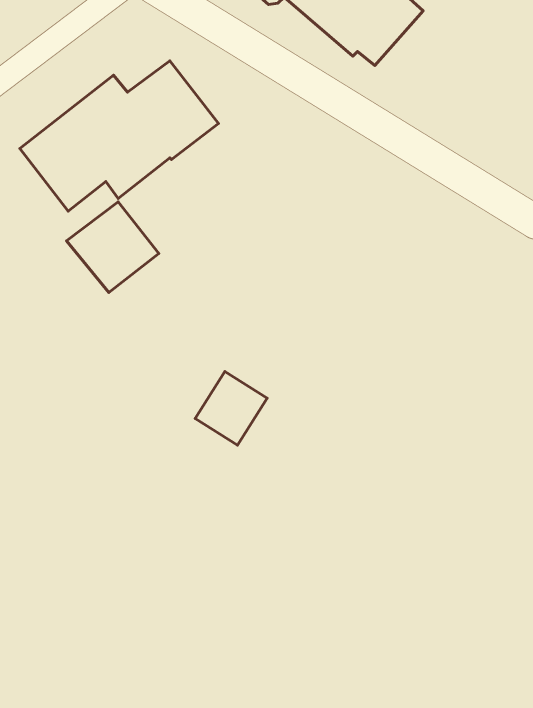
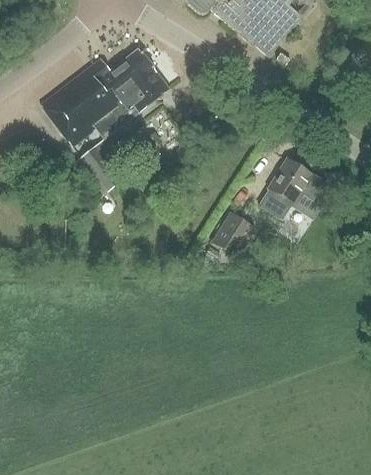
building: none -> [258,157,331,217]
building: [195,372,267,445] -> [210,210,256,257]

